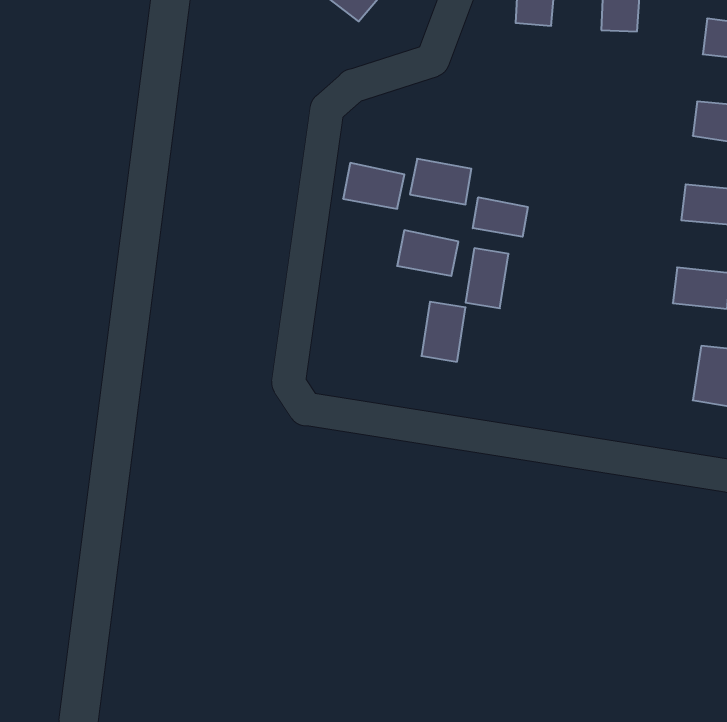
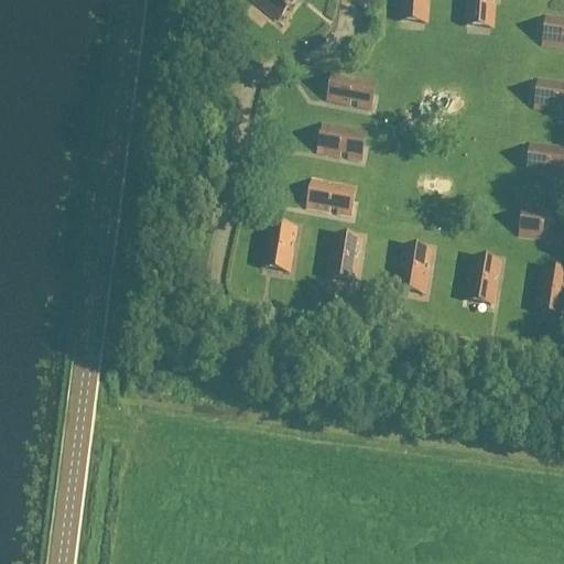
building: [343,163,404,209] -> [328,70,376,106]
building: [473,197,528,237] -> none
building: [466,248,509,308] -> [398,243,431,290]
building: none -> [262,221,296,269]
building: none -> [466,254,500,302]

